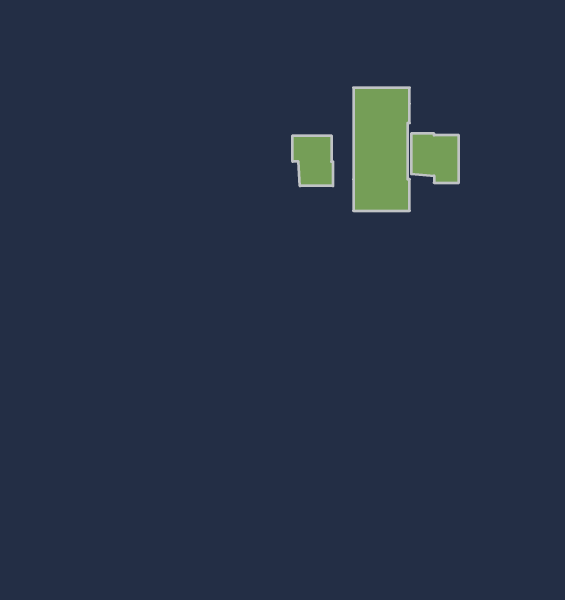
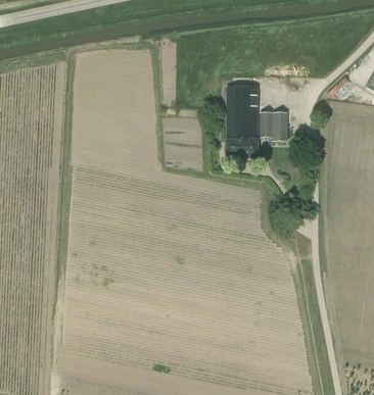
building: [293,136,333,186] -> none

